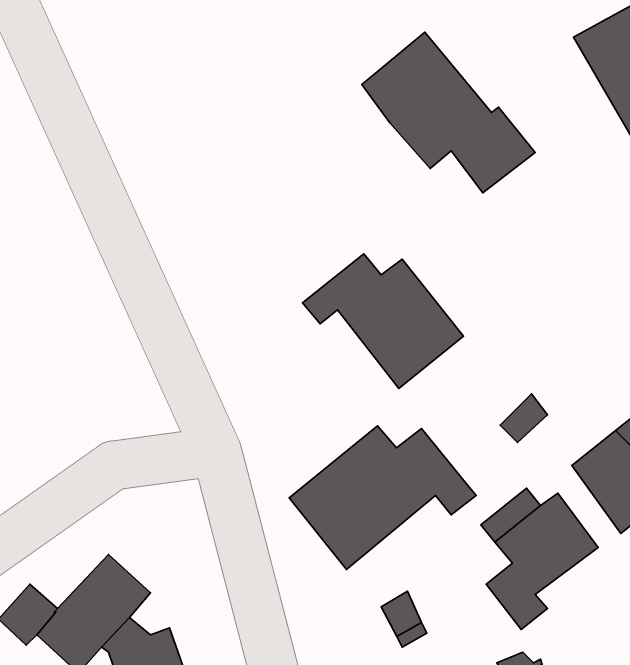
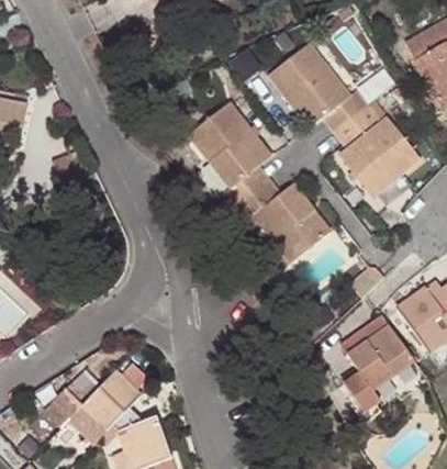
building: none -> [189,100,275,206]
building: none -> [342,116,422,194]
building: [289,426,476,570] -> none

